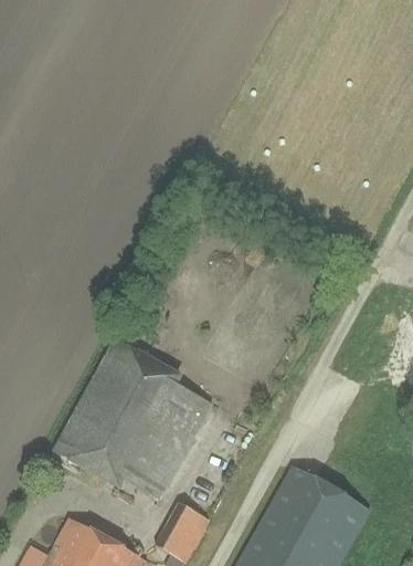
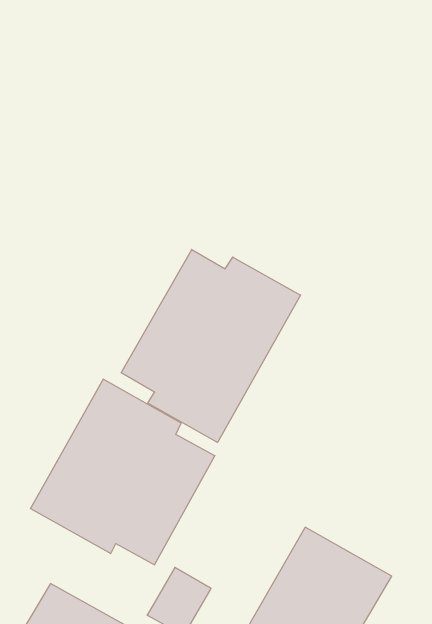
building: none -> [121,249,301,442]

